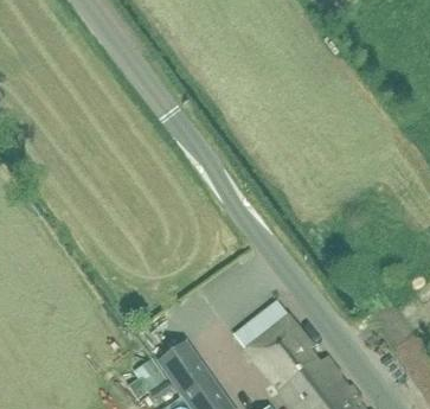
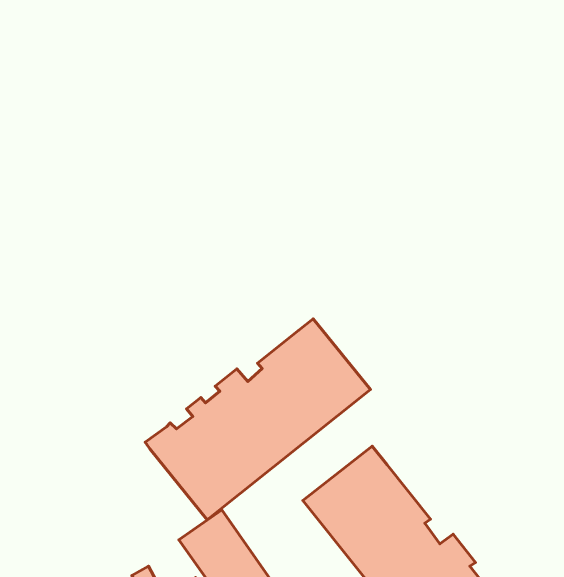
building: none -> [145,319,370,520]

